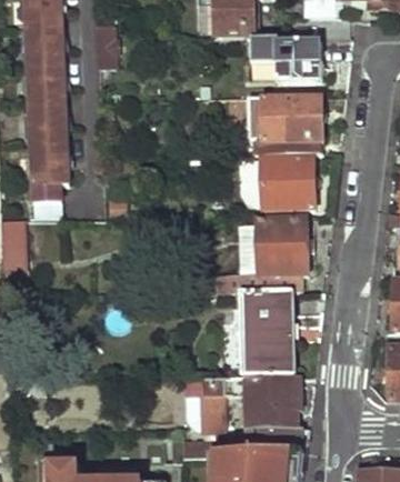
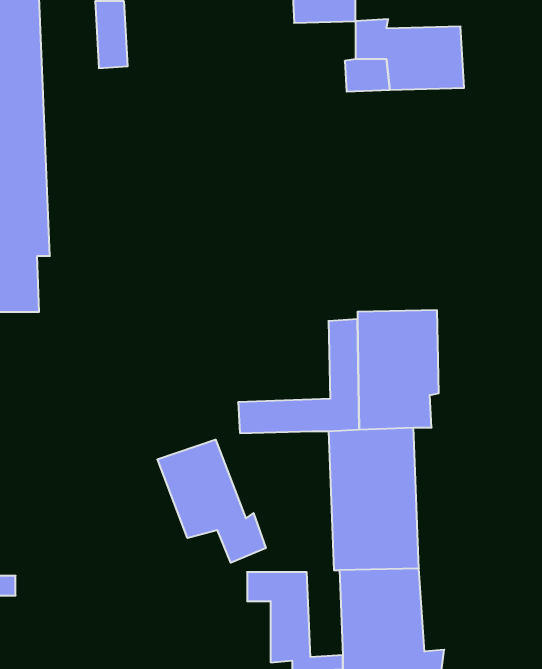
building: [254,93,323,152] -> none
building: [261,155,314,207] -> none
building: none -> [157,440,266,563]

